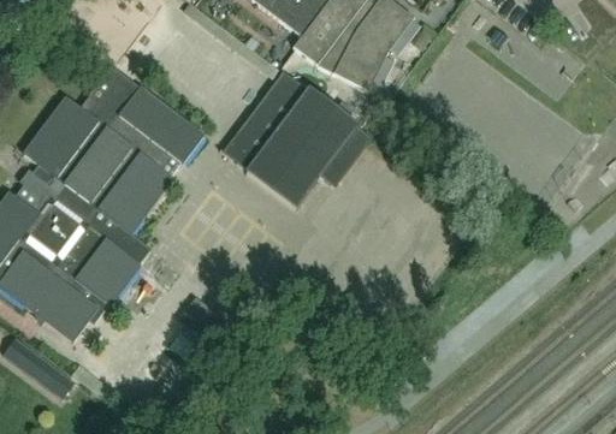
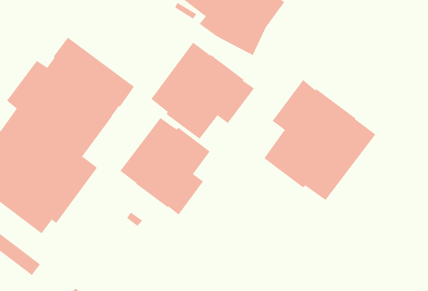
building: none -> [264,79,376,201]
building: none -> [119,117,210,215]

